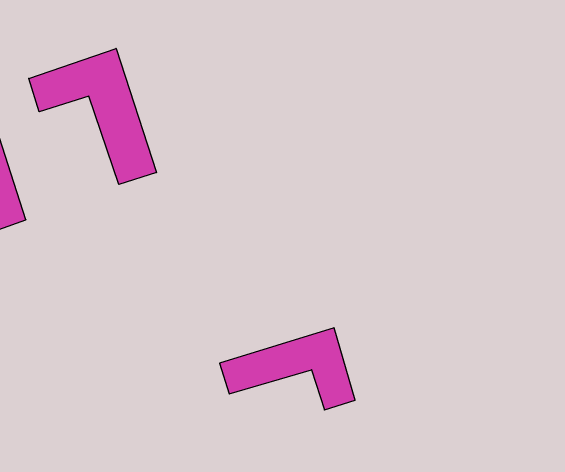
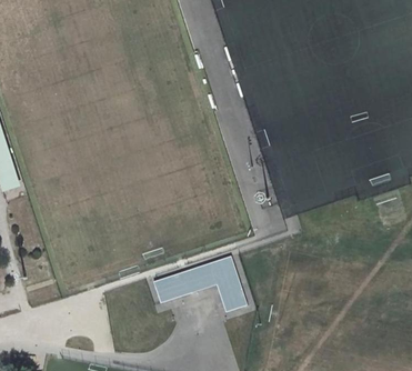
building: [29,48,156,184] -> none

